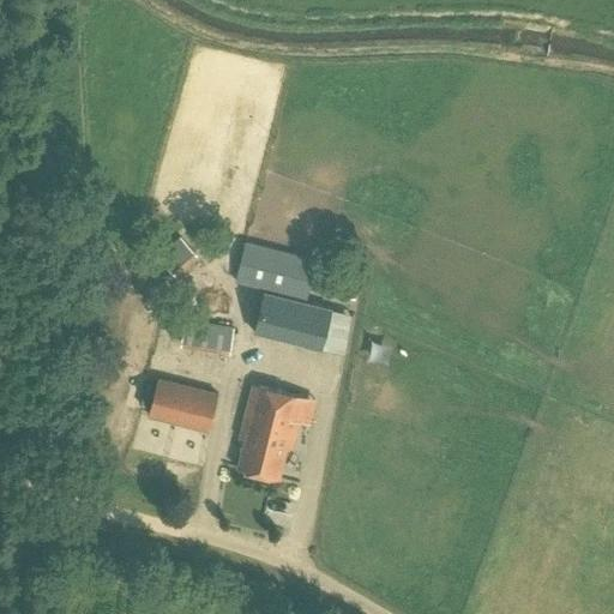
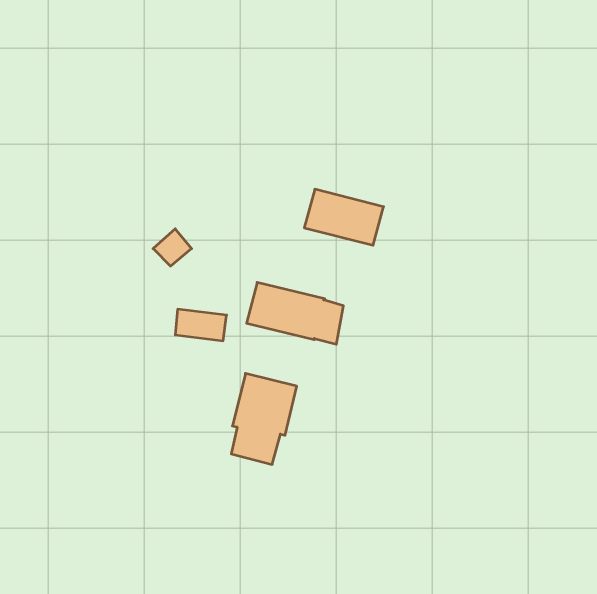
building: [235,243,317,301] -> [304,189,384,245]
building: [148,379,219,434] -> none

